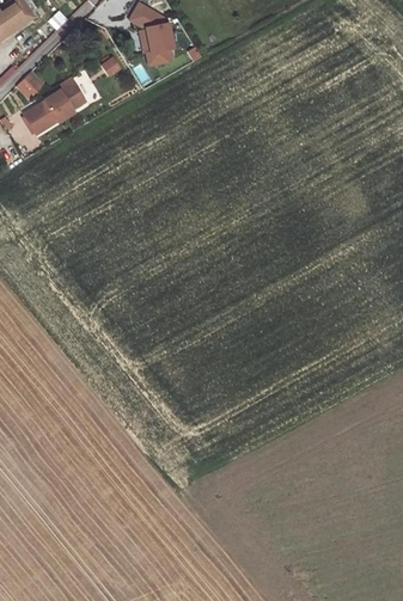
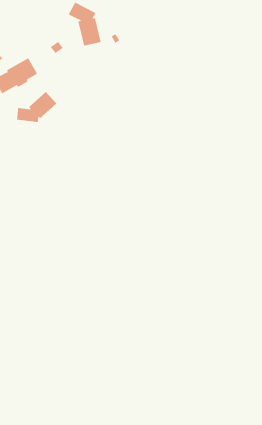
building: none -> [16,91,57,123]

